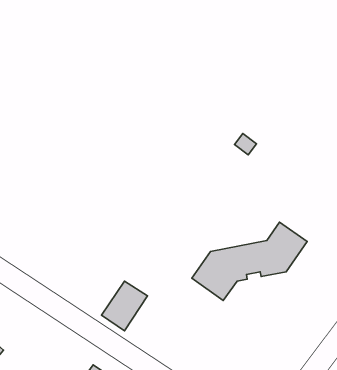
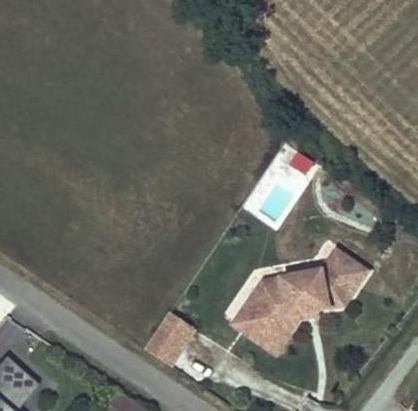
building: none -> [234,301,319,350]

